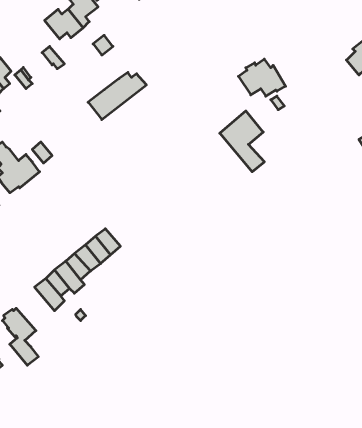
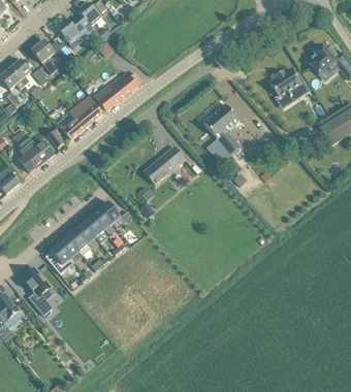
building: none -> [31,39,57,73]
building: [238,59,286,96] -> [268,67,308,98]
building: none -> [59,95,101,139]
building: none -> [142,145,184,184]

